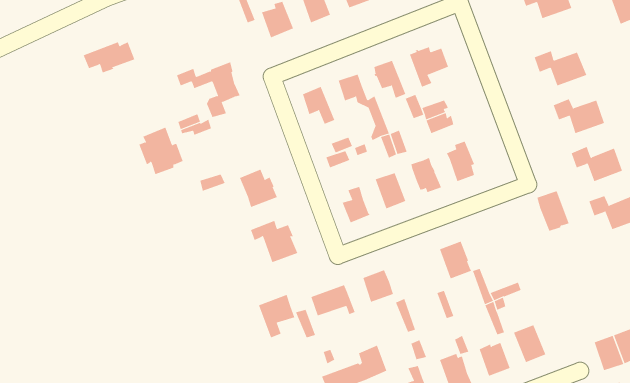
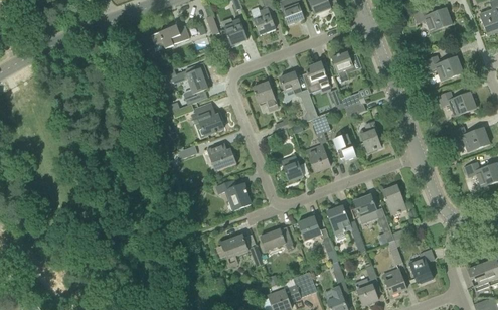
building: [83,42,135,73] -> [151,24,189,47]
building: [138,127,184,175] -> [190,102,223,137]
building: [537,191,570,232] -> [382,184,406,214]
building: none -> [326,204,351,239]

